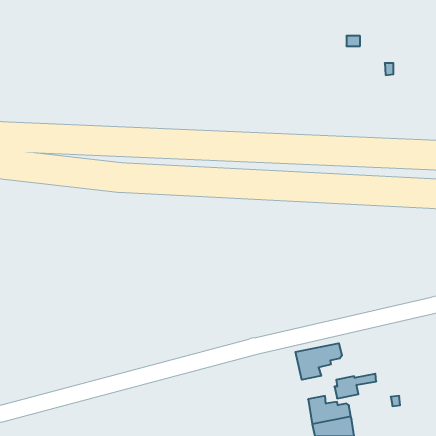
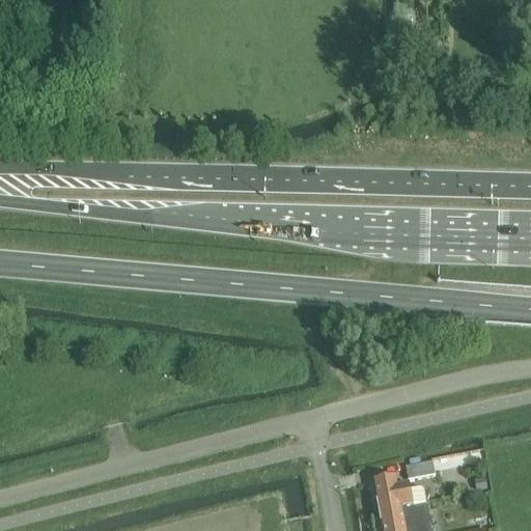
building: [295,343,342,380] -> none

